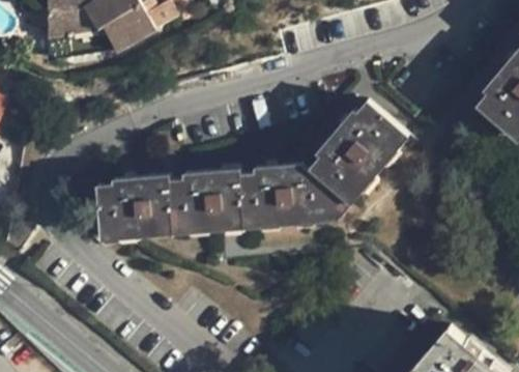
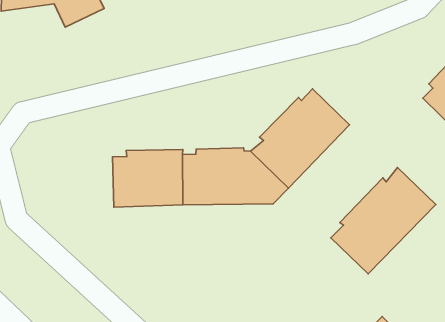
building: none -> [331,167,436,274]
building: [97,176,174,236] -> none

